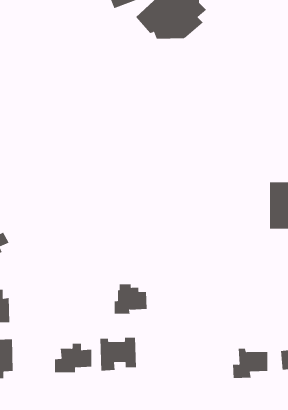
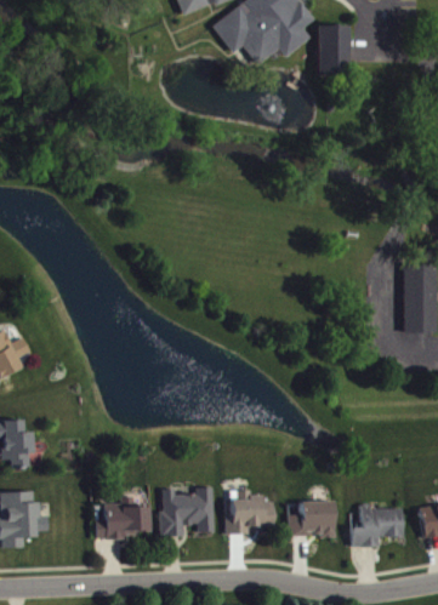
building: none -> [317,23,349,74]
building: [114,284,148,314] -> [226,490,274,533]
building: none -> [288,500,334,536]

